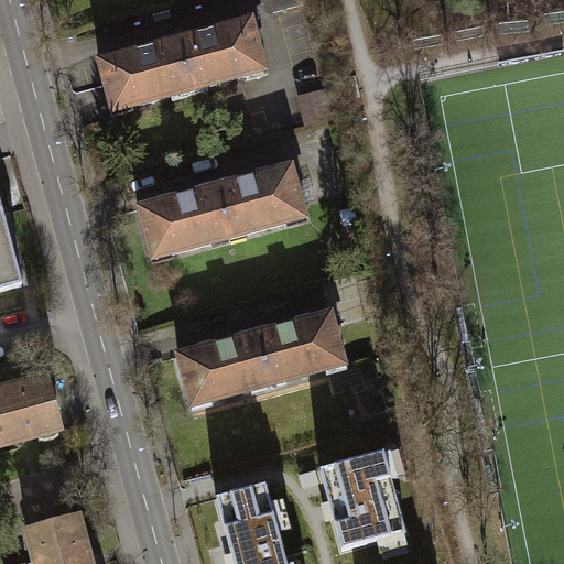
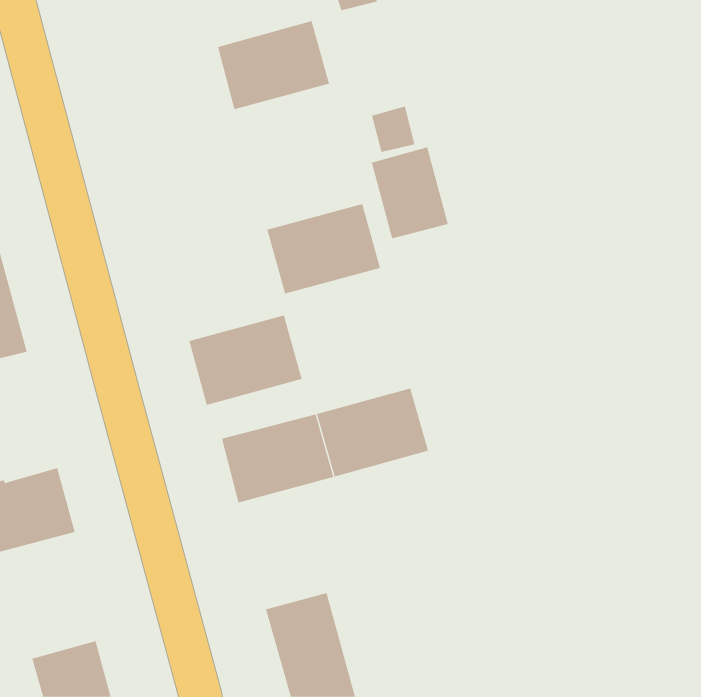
building: [98,37,187,109] -> none
building: none -> [371,147,448,239]
building: [137,184,228,257] -> [188,315,302,405]
building: [319,449,405,547] -> none

